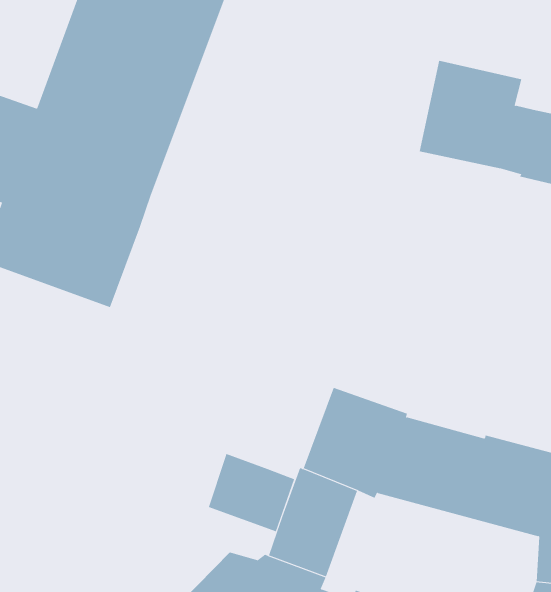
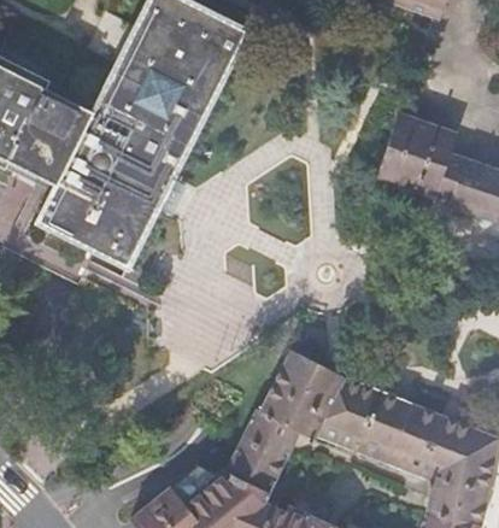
building: [208,453,295,532] -> none

